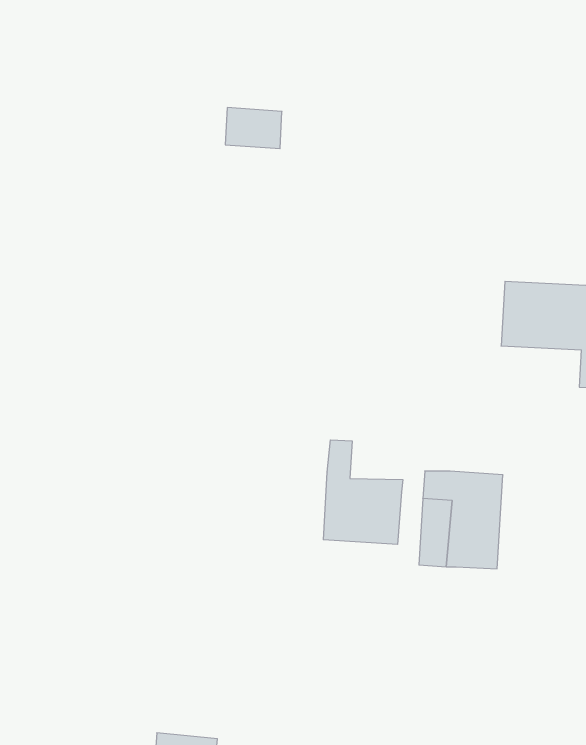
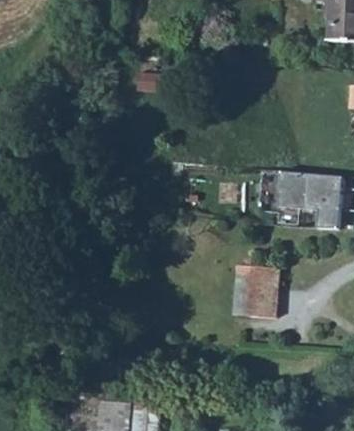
building: [323,440,403,544] -> none

